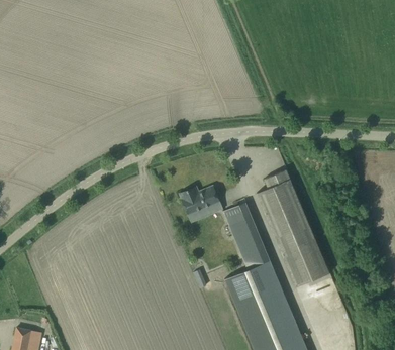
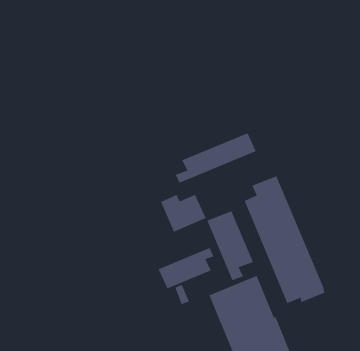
building: none -> [175,133,256,183]
building: none -> [158,247,214,289]

